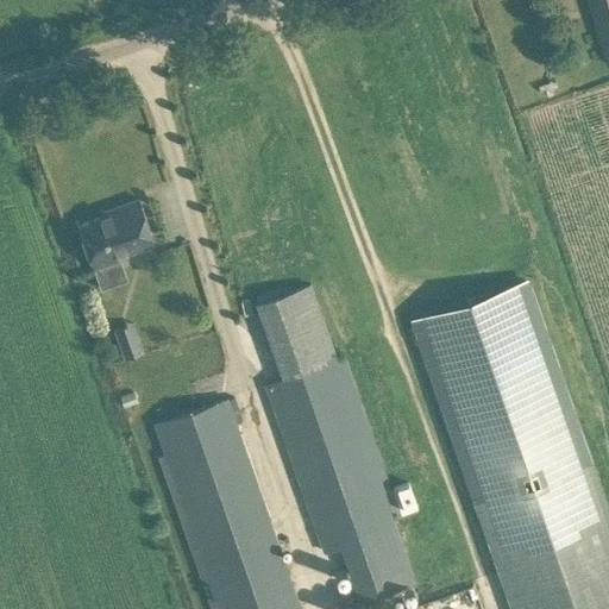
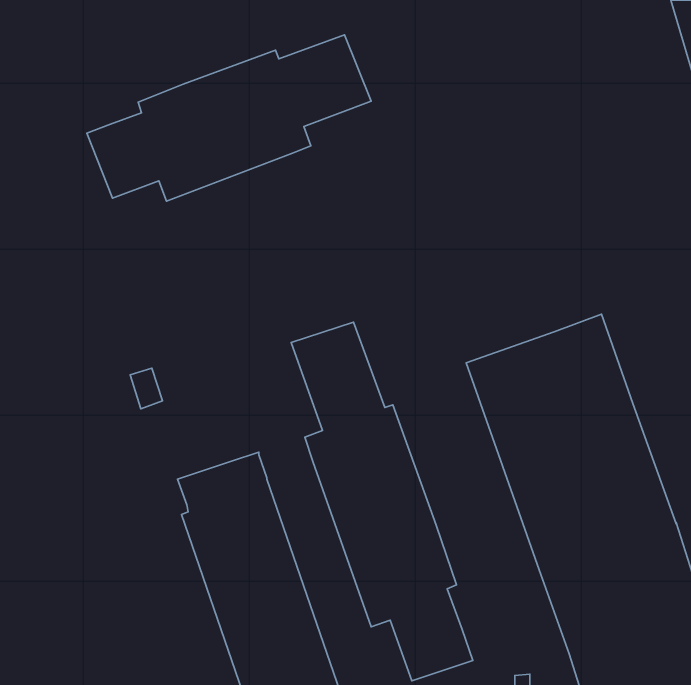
building: none -> [87,35,371,201]
building: [80,203,156,274] -> none

